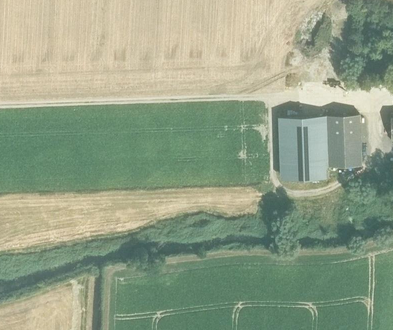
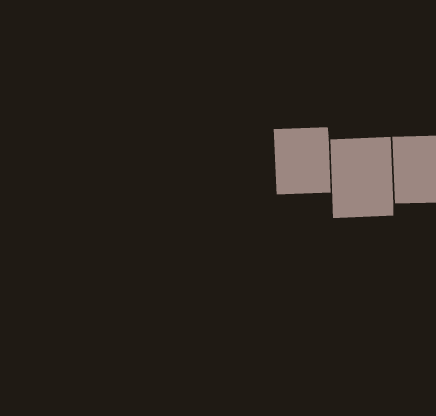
building: none -> [273,127,331,195]

